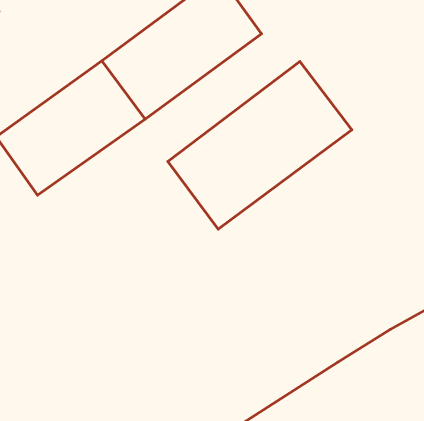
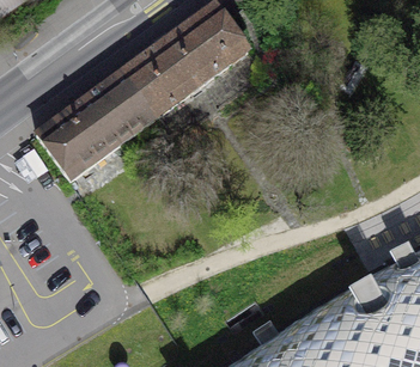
building: [168,62,352,229] -> none

